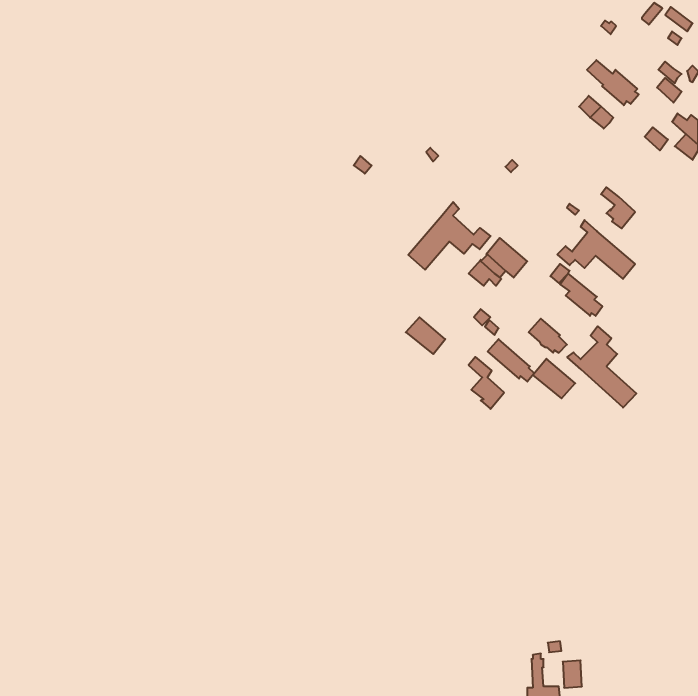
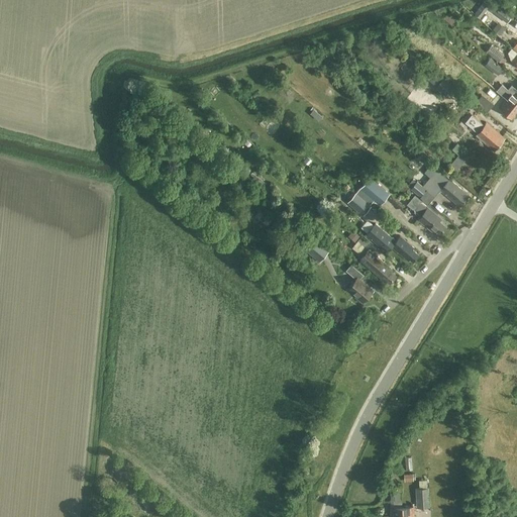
building: [587,60,639,105] -> [464,117,503,150]
building: [408,202,491,270] -> none
building: [567,326,636,408] -> none
building: [533,359,575,398] -> [365,224,396,253]

